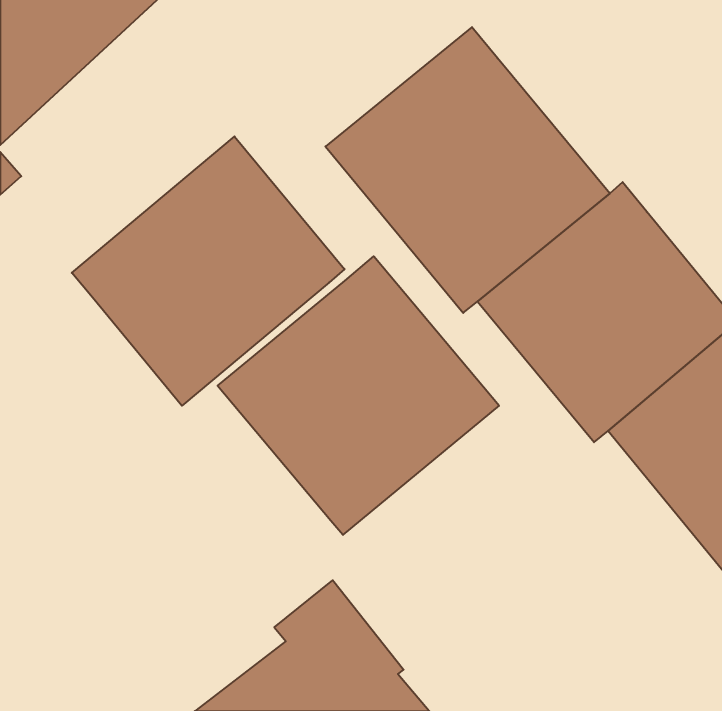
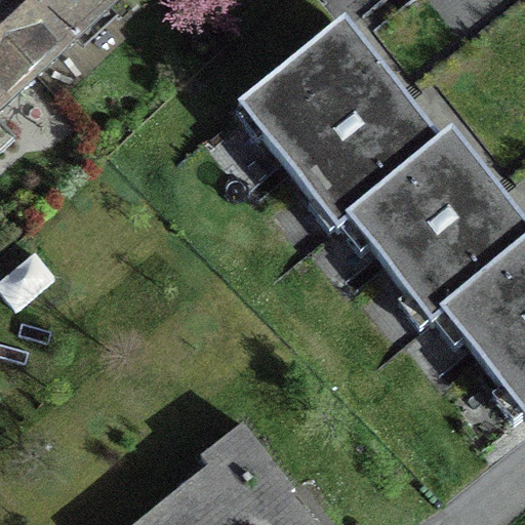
building: [72,136,345,406] -> none
building: [218,256,499,535] -> none

